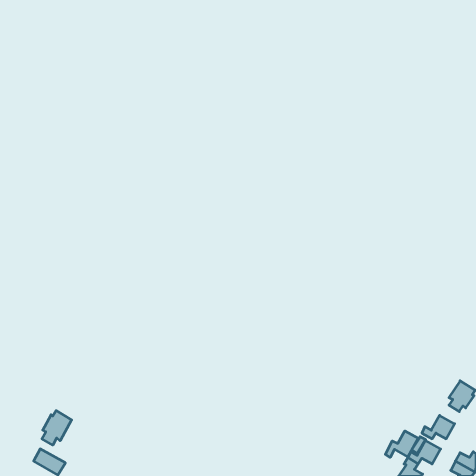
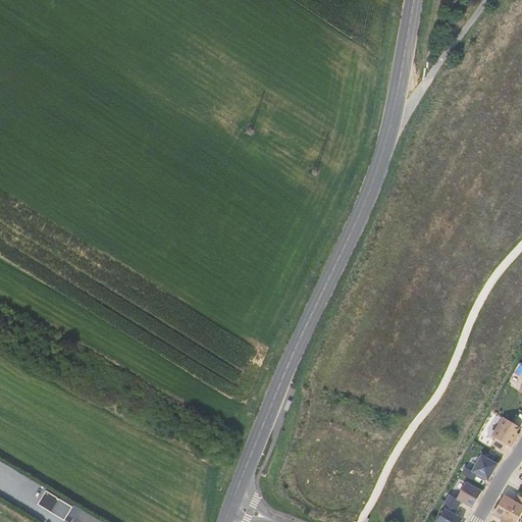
building: [42,411,72,445] -> none
building: [385,431,418,457] -> none

